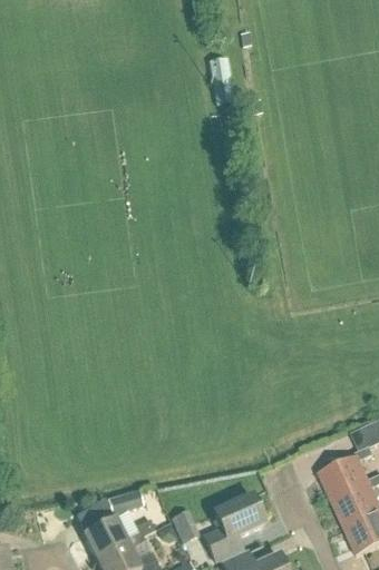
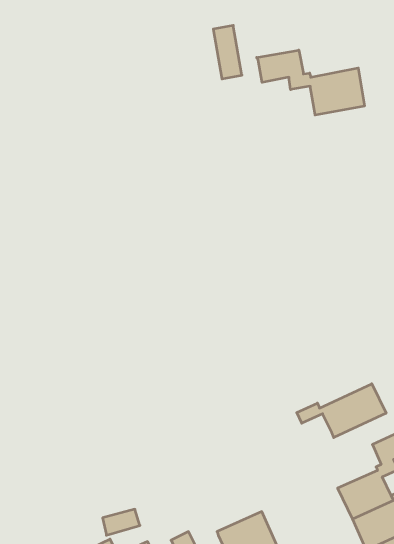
building: none -> [257,50,364,115]
building: none -> [297,384,386,438]

